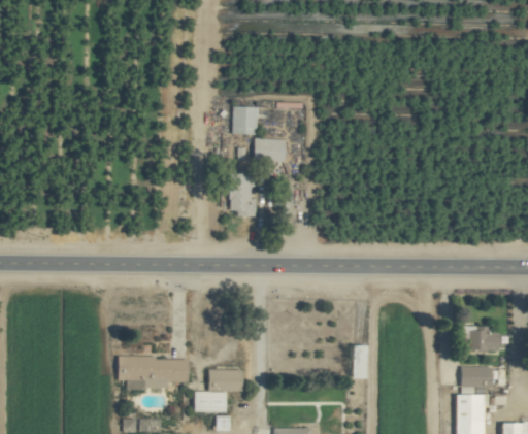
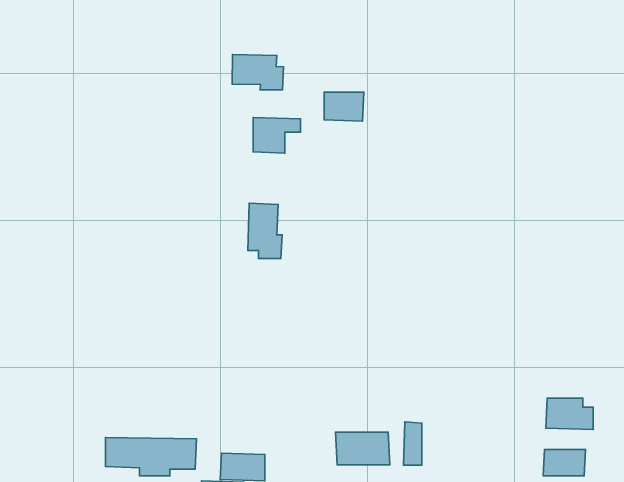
building: none -> [232,54,284,90]
building: [257,139,288,162] -> [324,92,364,121]
building: none -> [336,432,390,465]

